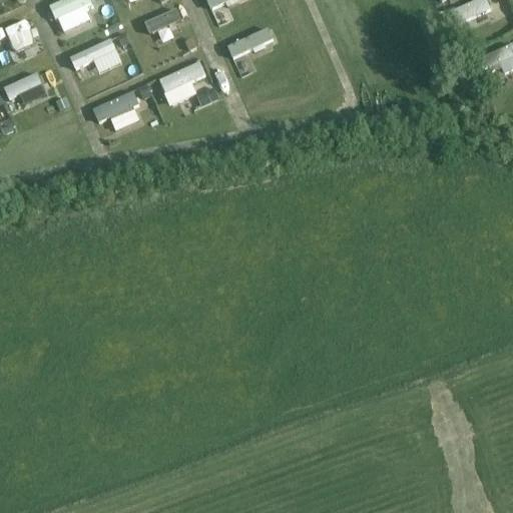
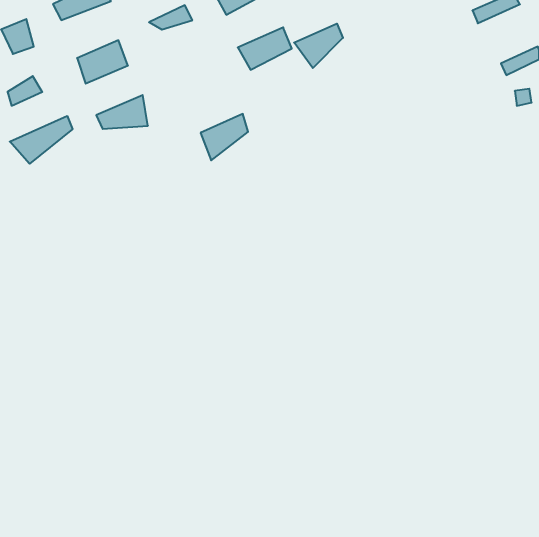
building: none -> [294,24,343,68]
building: [160,60,205,104] -> [201,114,248,160]
building: none -> [10,116,73,164]

